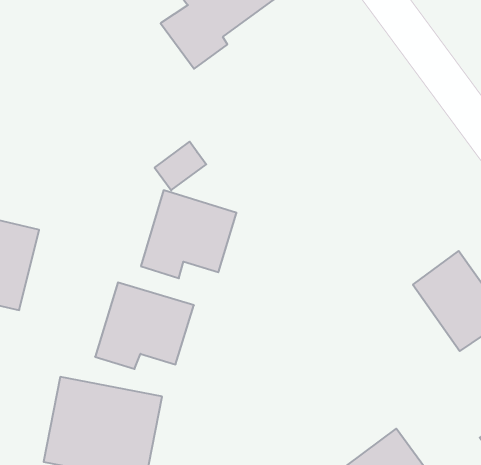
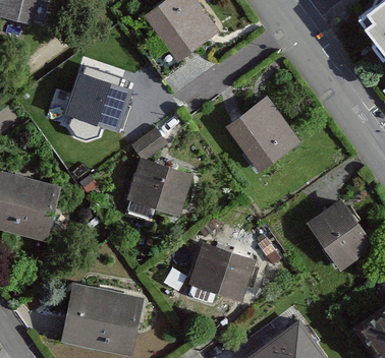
building: none -> [59,73,129,134]
building: none -> [228,99,299,171]
building: [95,282,194,369] -> [186,244,253,302]

